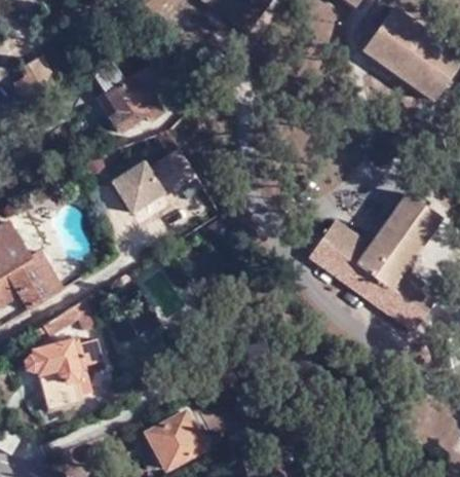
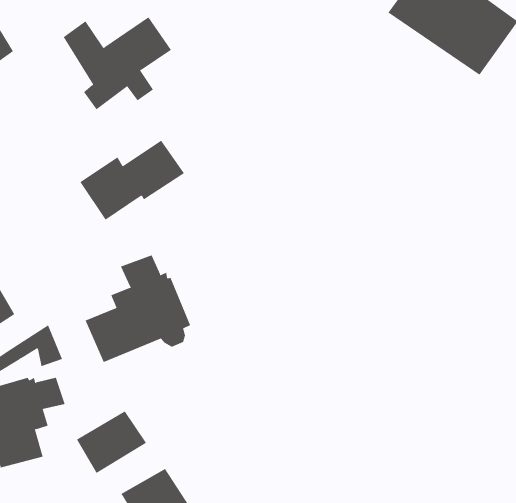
building: [307,191,442,330] -> none
building: none -> [85,255,191,363]
building: none -> [76,410,147,474]

